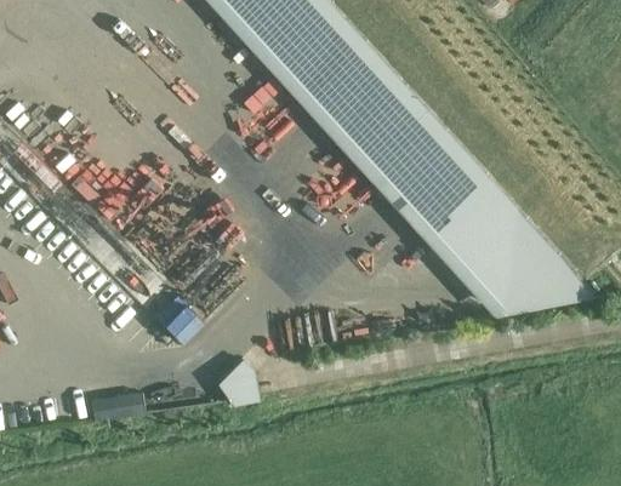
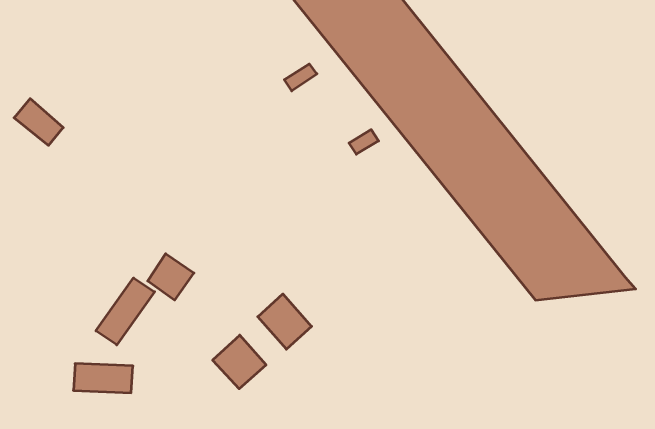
building: none -> [96,278,155,345]
building: none -> [258,294,312,349]

